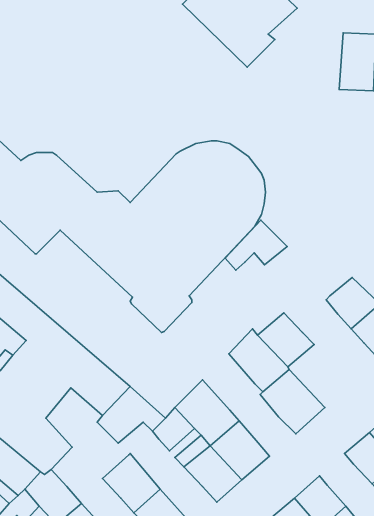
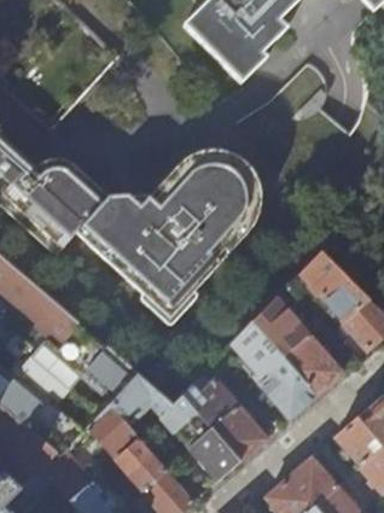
building: [225,220,287,270] -> [285,250,342,296]
building: none -> [283,334,342,394]
building: none -> [86,407,136,459]

